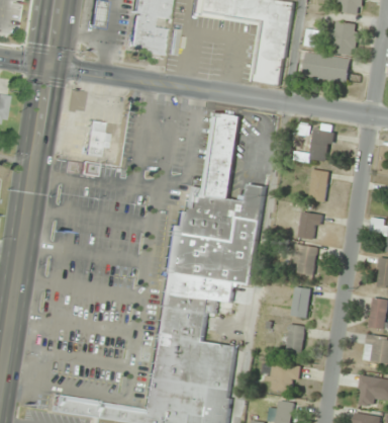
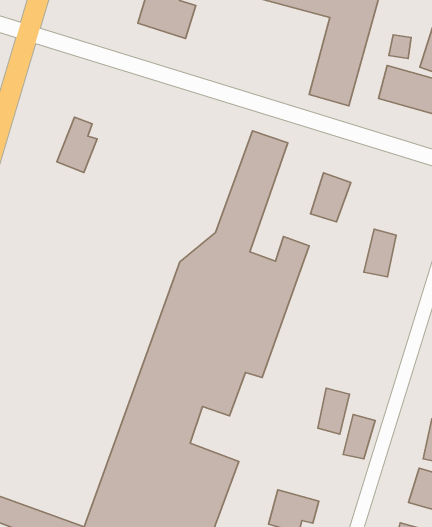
building: [309,129,334,162] -> [311,173,351,222]
building: [297,211,321,241] -> none
building: [292,245,317,275] -> none
building: [286,324,305,354] -> [343,415,375,459]

